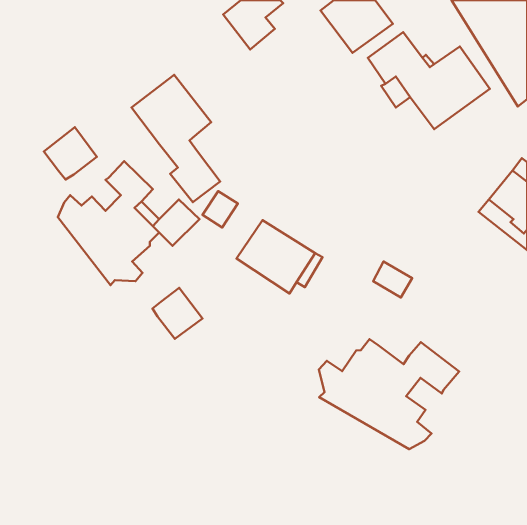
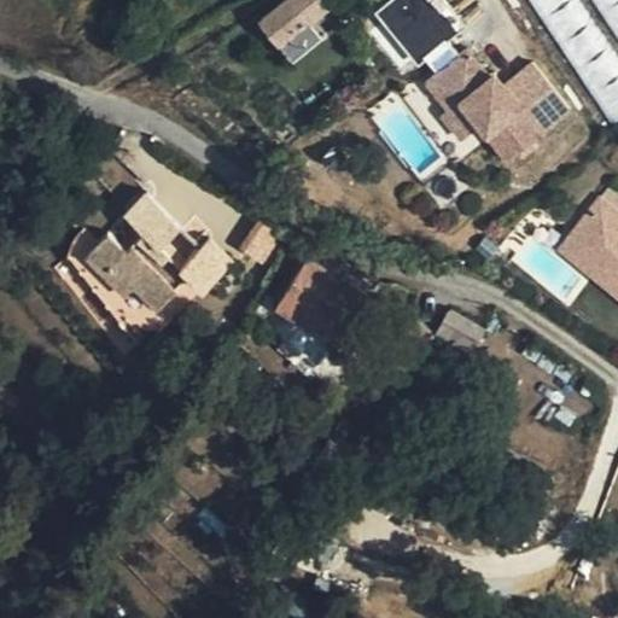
building: [132,75,220,202] -> none
building: [44,127,97,180] -> none
building: [152,288,203,339] -> none
building: [319,339,459,449] -> none

